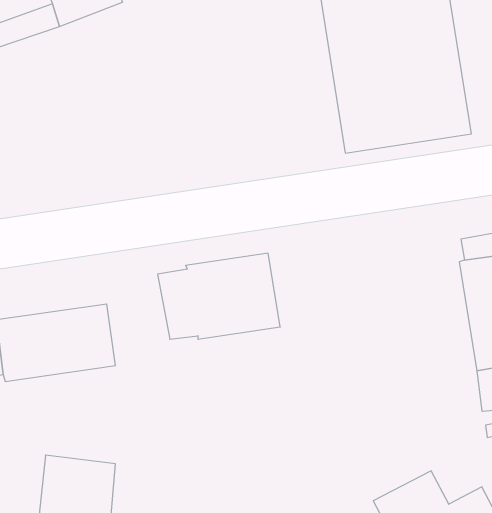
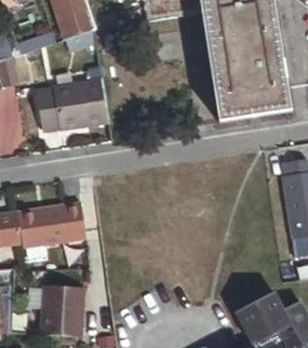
building: [158,253,280,339] -> [37,79,107,128]

